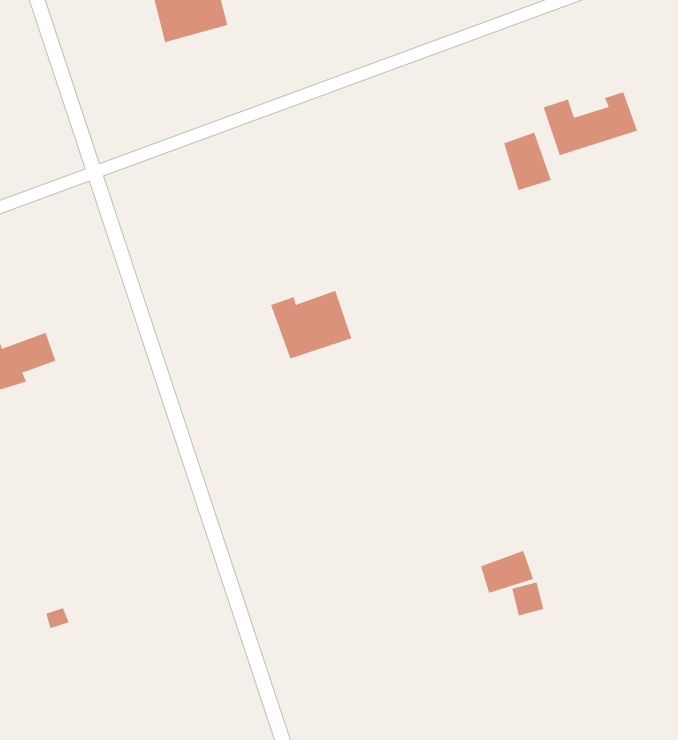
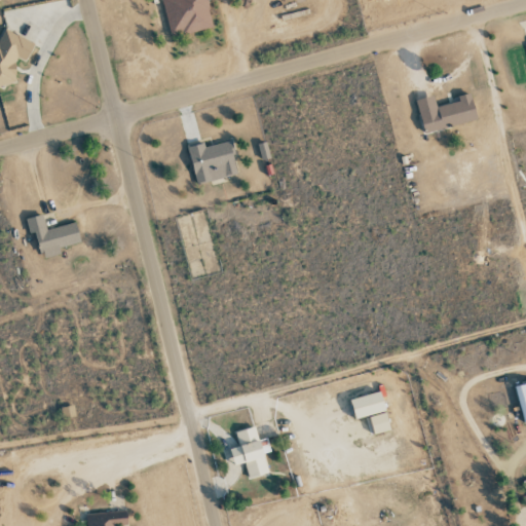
building: [504,132,551,191] -> none
building: [270,290,352,359] -> [188,141,240,184]
building: none -> [231,427,271,479]

